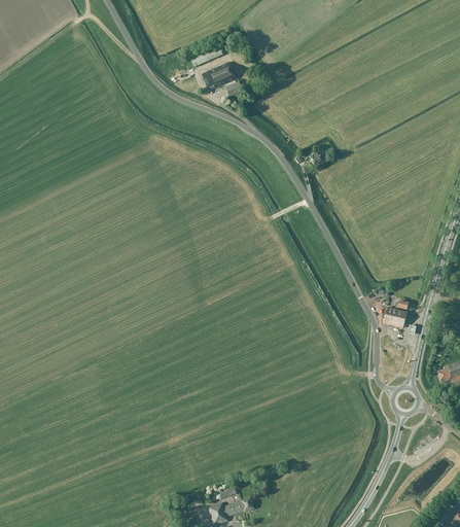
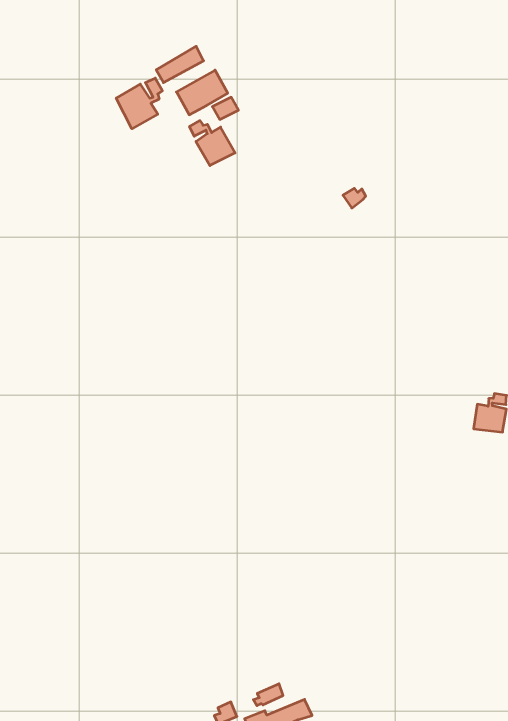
building: none -> [116,78,162,129]
building: none -> [190,121,235,166]

